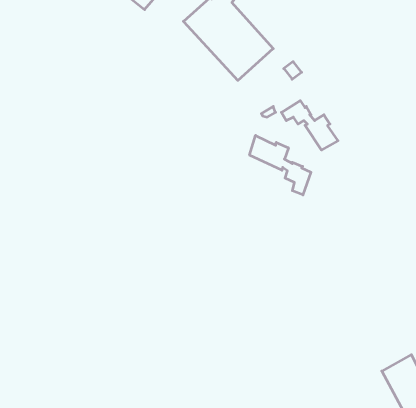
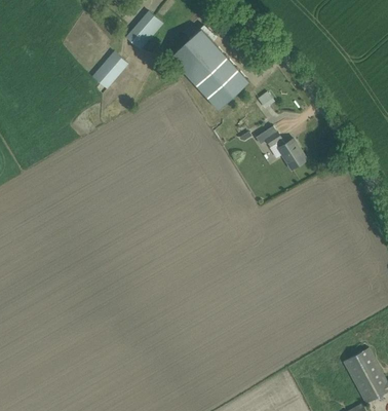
building: none -> [92,51,128,88]
building: [250,135,311,195] -> none

